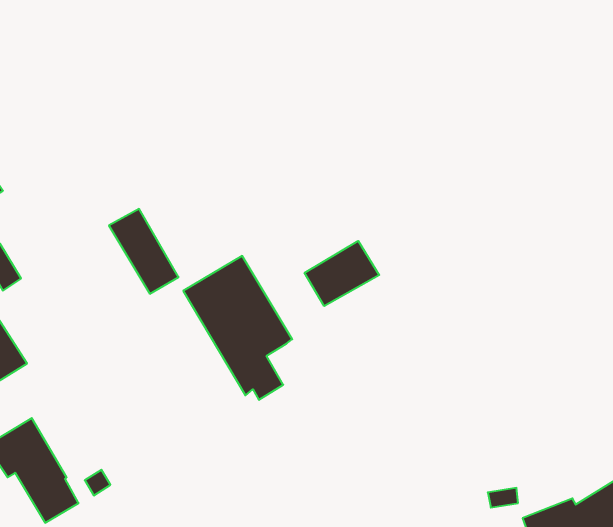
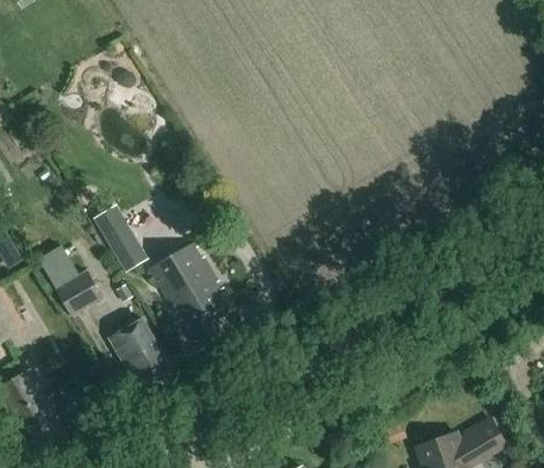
building: [305,241,379,306] -> none
building: none -> [38,244,101,316]
building: none -> [110,317,176,386]

